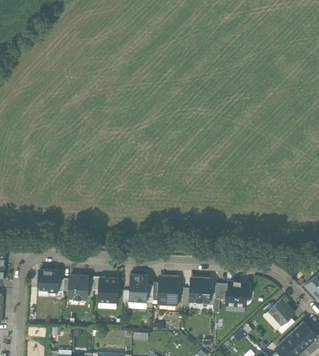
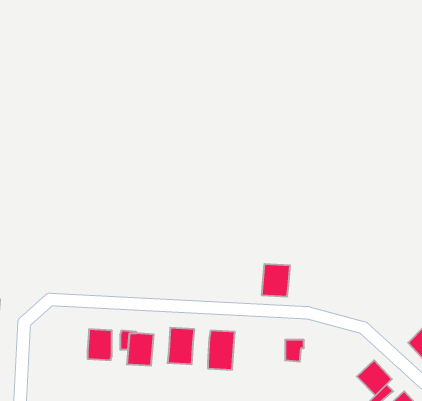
building: [38,271,58,293] -> none
building: [189,278,210,302] -> [262,264,290,296]
building: [226,281,248,306] -> none

